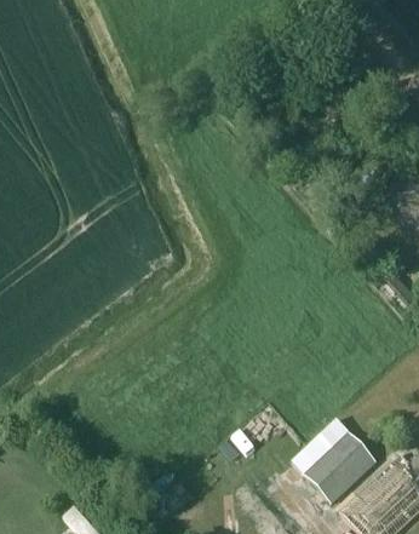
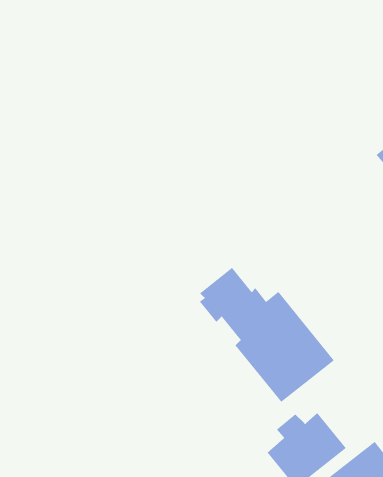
building: none -> [199,267,335,403]

